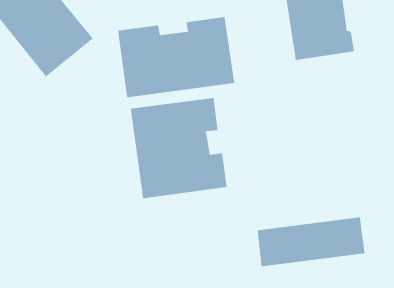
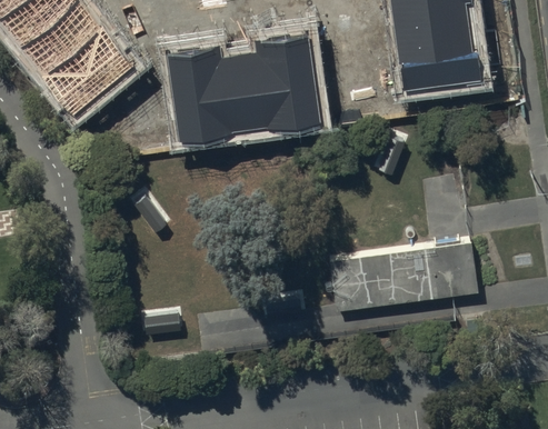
building: [130,97,228,199] -> none
building: [257,217,366,267] -> [331,242,477,310]

